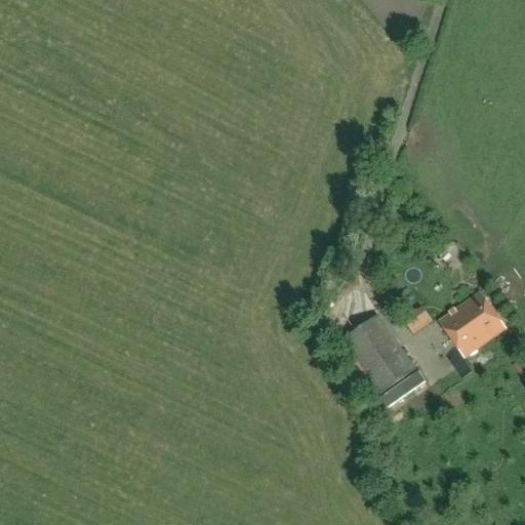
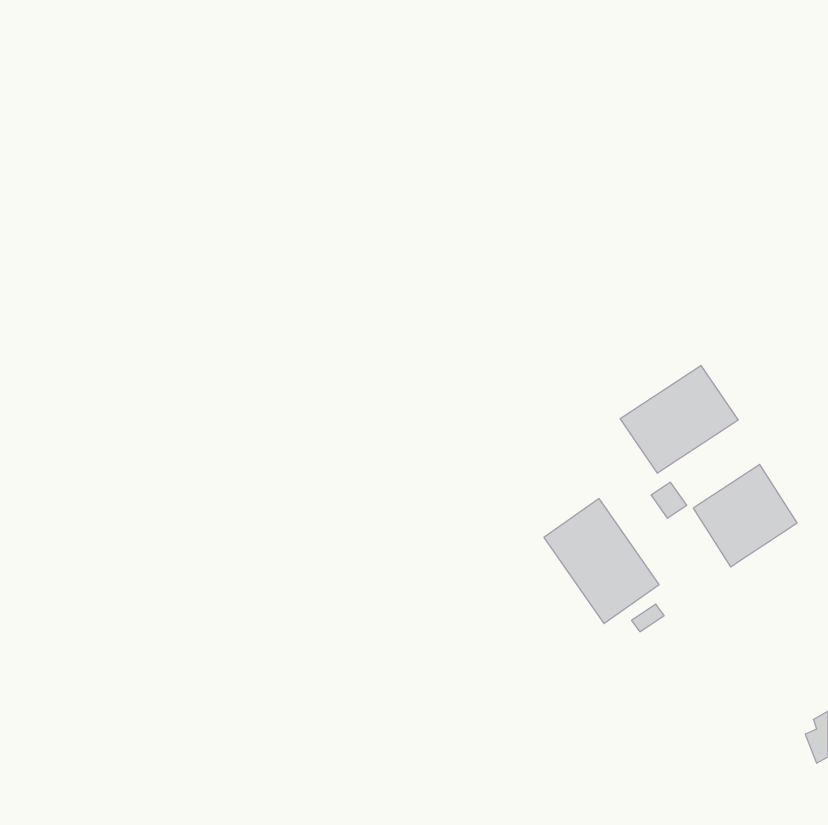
building: none -> [620,365,738,473]

